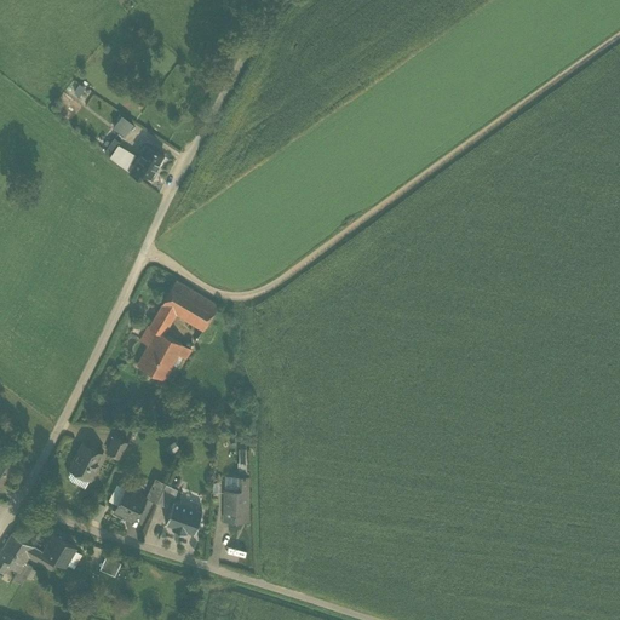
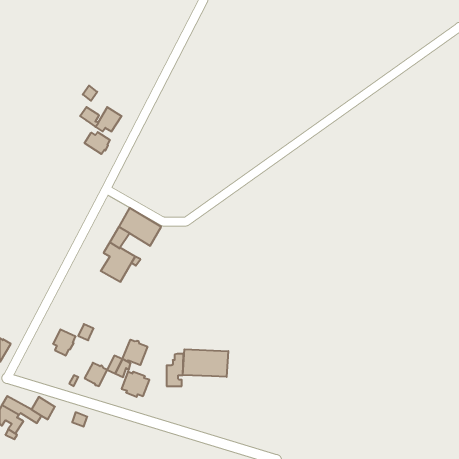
building: none -> [85,132,110,154]
building: none -> [123,340,147,365]
building: none -> [183,349,228,377]

